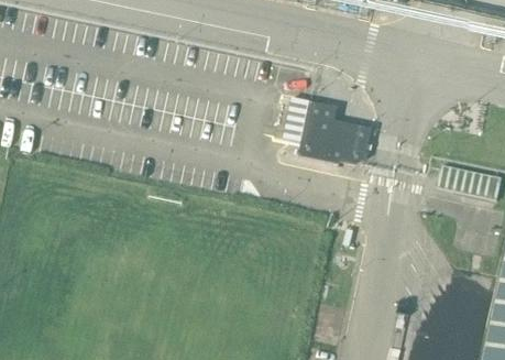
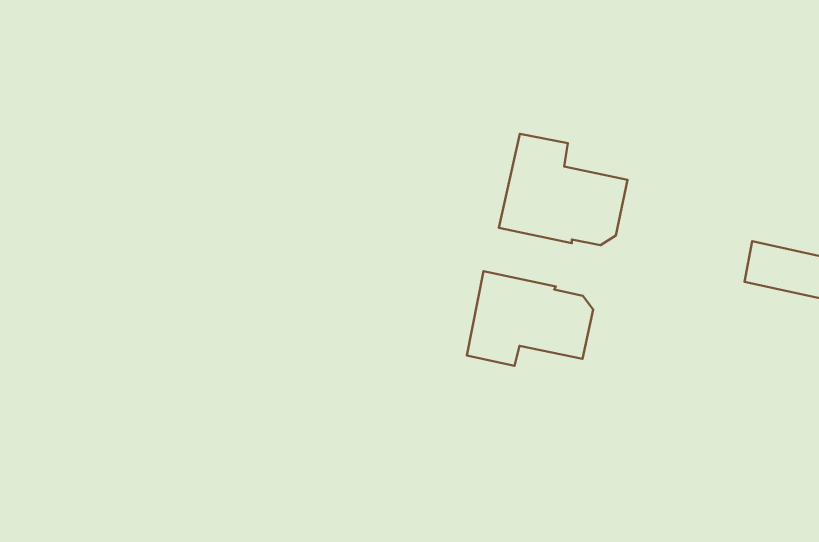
building: none -> [467,271,593,366]

